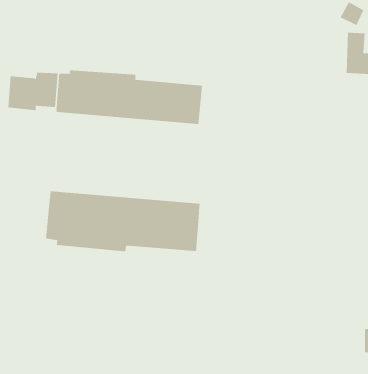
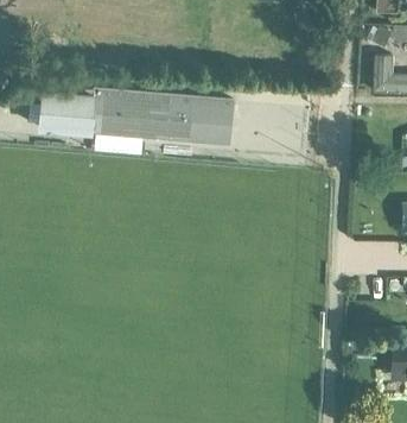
building: [46,190,200,252] -> none

